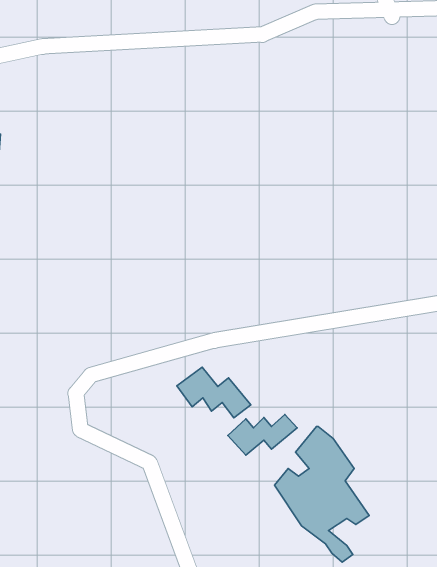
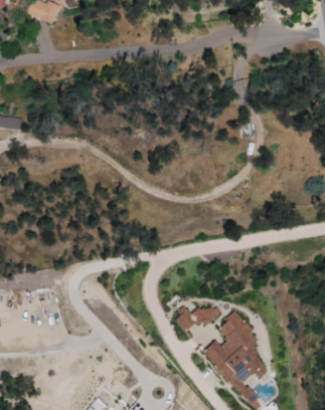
building: [177,367,251,418] -> none

